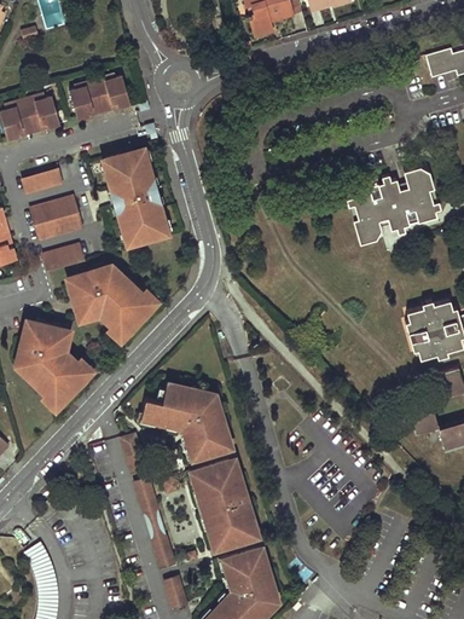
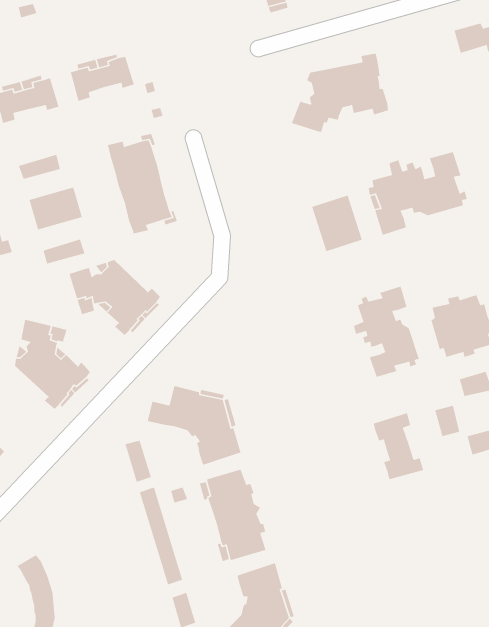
building: none -> [291,53,389,133]
building: none -> [311,195,363,252]
building: none -> [353,285,420,378]
building: none -> [373,412,424,480]

